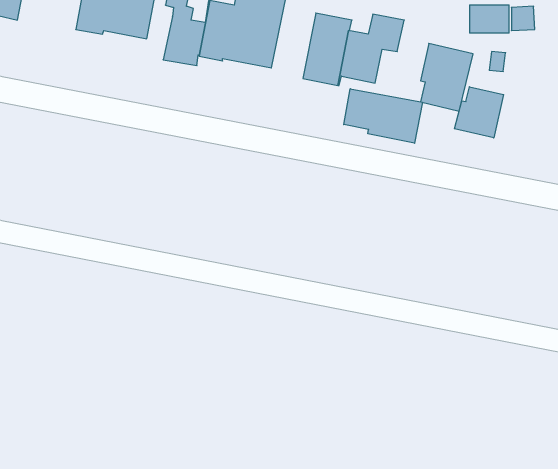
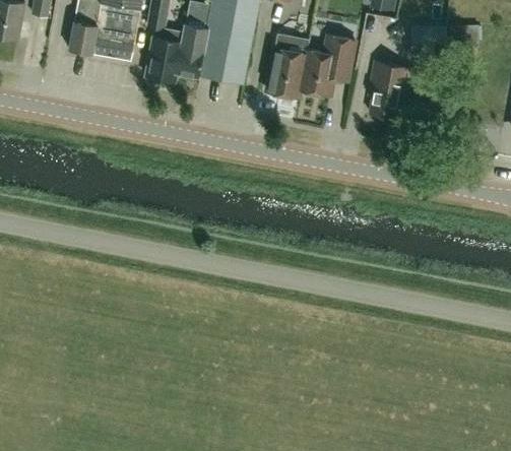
building: [454,87,504,138] -> none
building: [344,89,422,143] -> none

